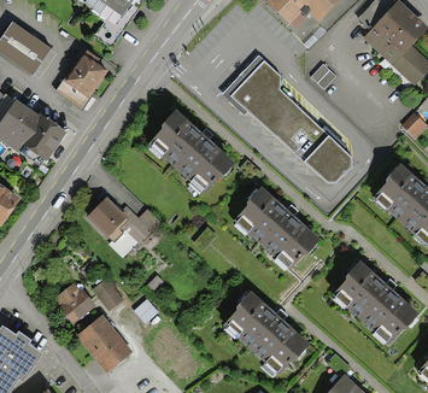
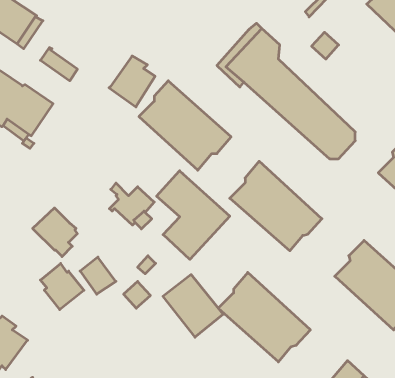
building: [65,51,109,99] -> [109,56,155,107]
building: none -> [157,171,230,259]
building: [87,198,129,244] -> [33,208,77,257]
building: [77,315,134,374] -> [163,275,223,337]

